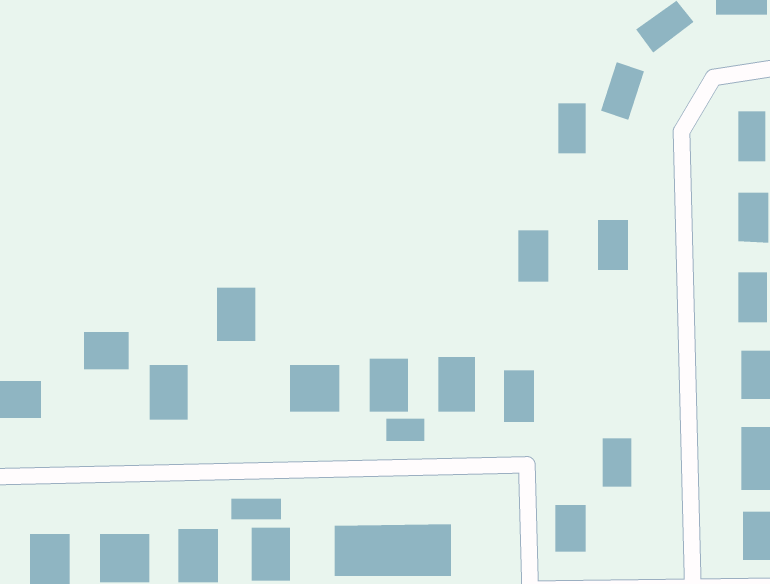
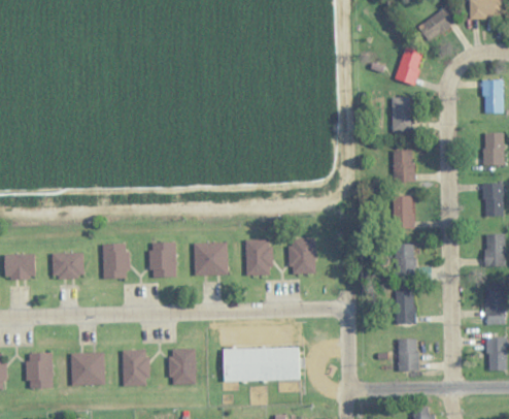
building: [558,103,586,154] -> [393,98,411,131]
building: [517,230,549,282] -> [392,196,412,230]
building: [216,287,256,341] -> [149,243,175,278]
building: [83,331,129,370] -> [53,254,82,279]
building: [503,370,535,422] -> [395,244,415,278]
building: [386,418,425,442] -> none
building: [231,498,282,520] -> none
building: [555,504,586,552] -> [398,339,418,369]

